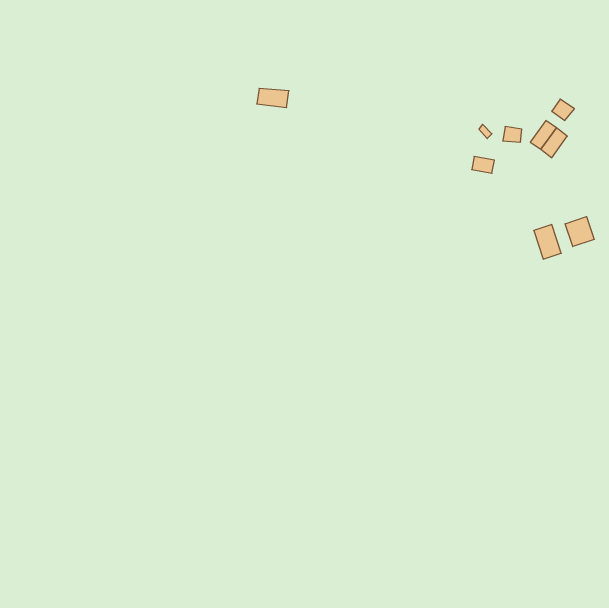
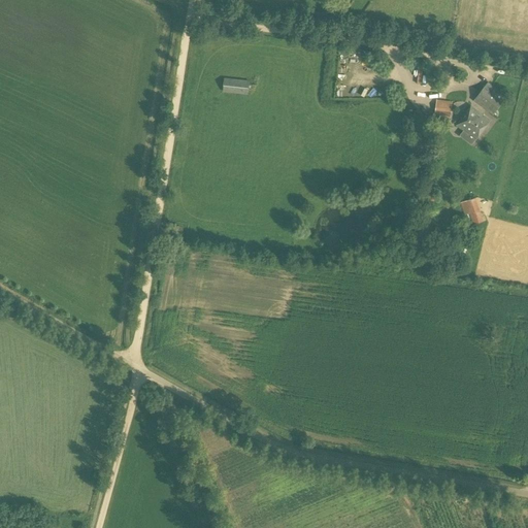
building: [565,217,594,247] -> none

